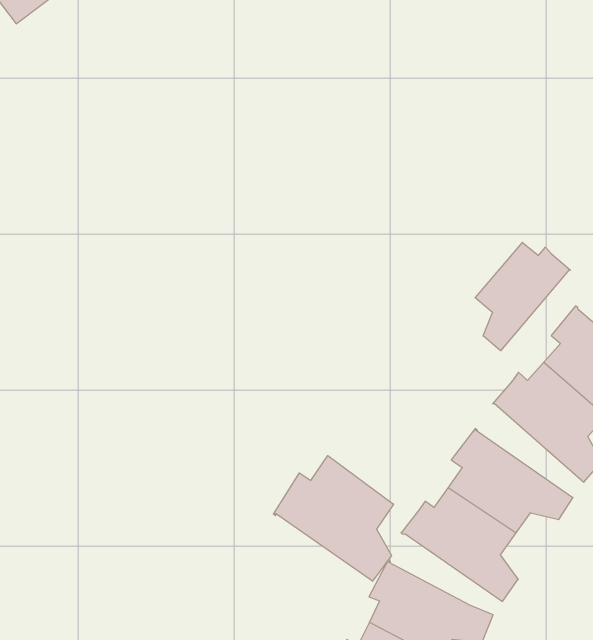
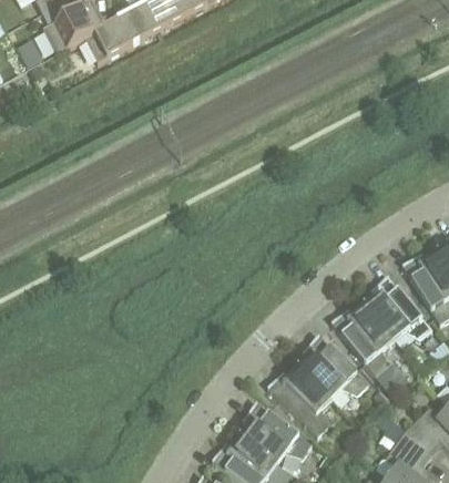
building: [475,242,570,351] -> none
building: [273,456,394,581] -> none

